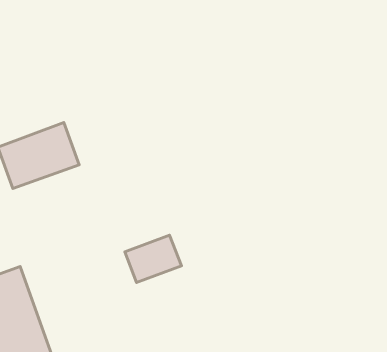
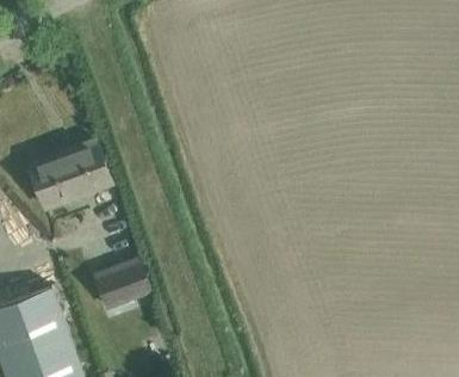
building: [125,235,181,282] -> [94,260,151,308]

